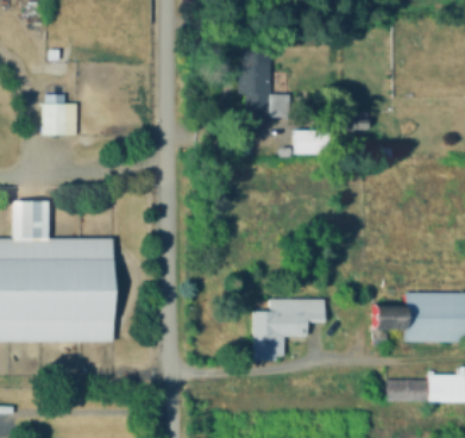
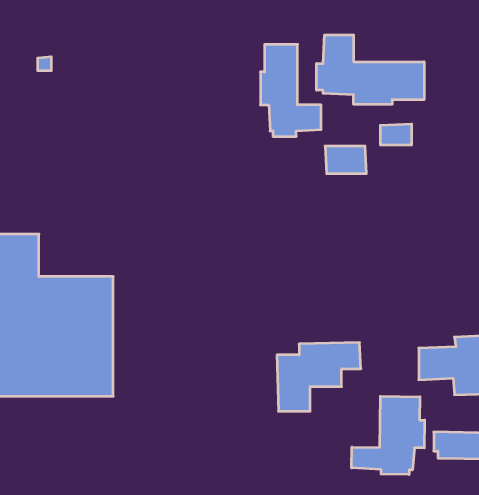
building: none -> [317,35,424,104]
building: [42,105,75,138] -> none
building: none -> [352,396,425,475]

